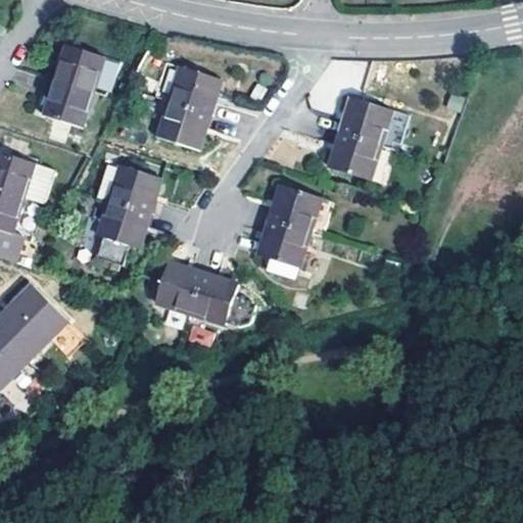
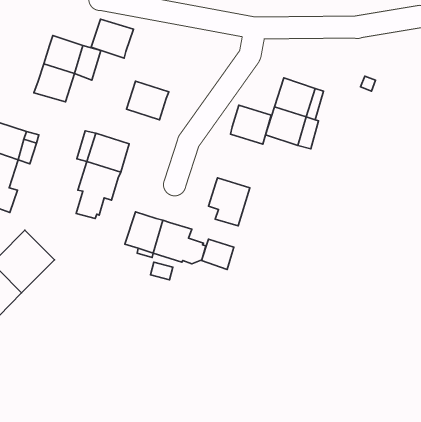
building: [168,65,220,113] -> [91,19,133,58]
building: [269,184,319,232] -> [231,105,271,144]
building: none -> [202,239,234,269]

